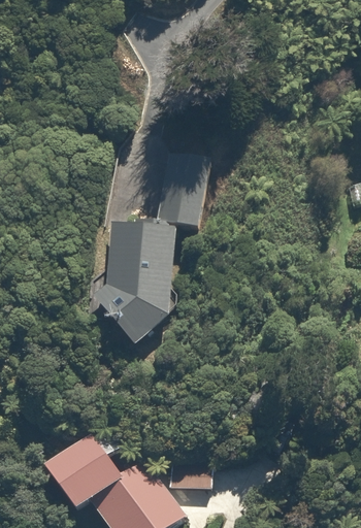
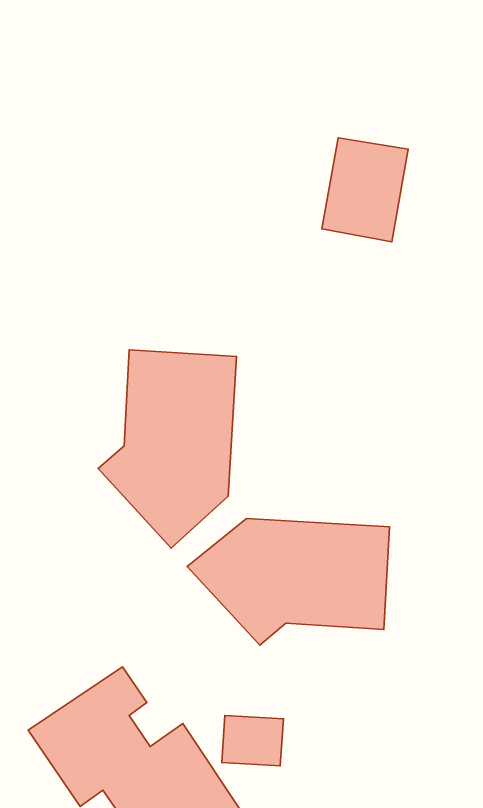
building: [156,161,210,227] -> [322,138,408,242]
building: none -> [187,519,389,645]

